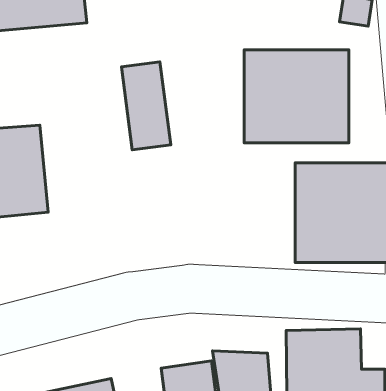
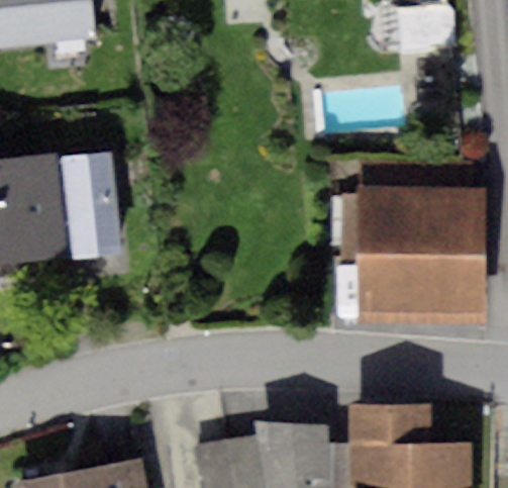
building: [244,50,349,143] -> none
building: [121,62,171,150] -> [60,156,119,262]

